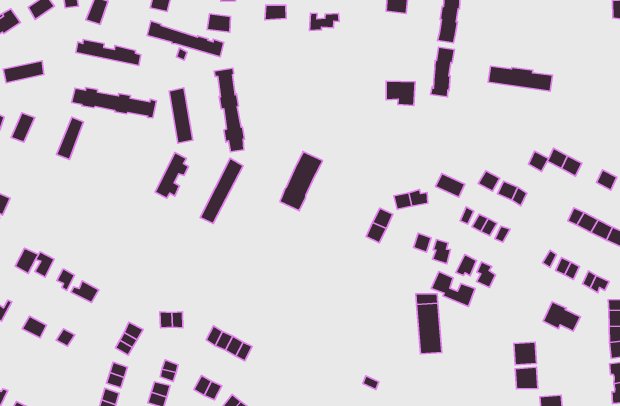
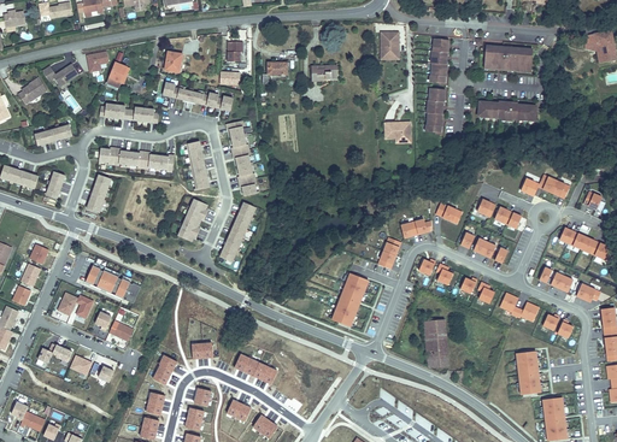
building: none -> [483,48,534,73]
building: [280,151,322,211] -> [329,273,365,328]
building: none -> [86,266,141,303]
building: [431,272,475,307] -> [499,293,539,323]

